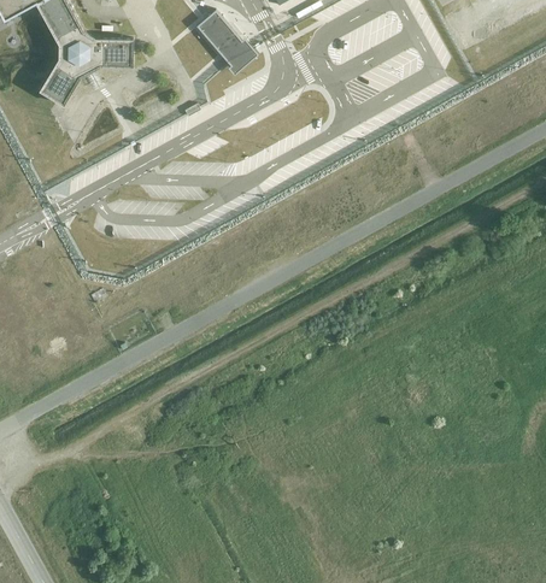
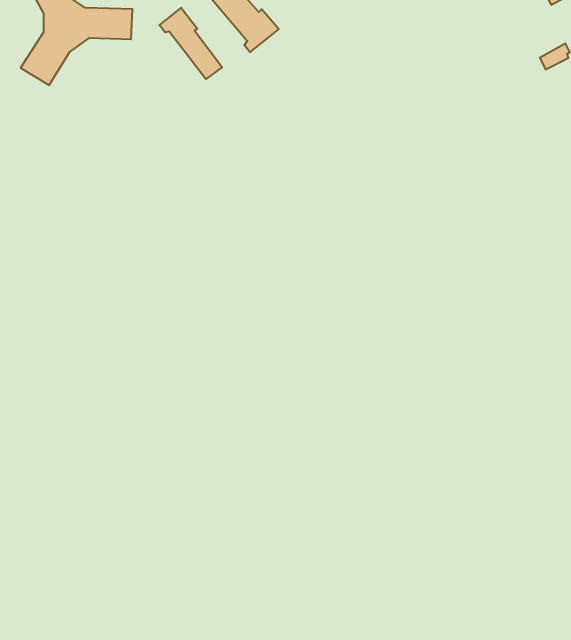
building: none -> [159,8,222,79]

